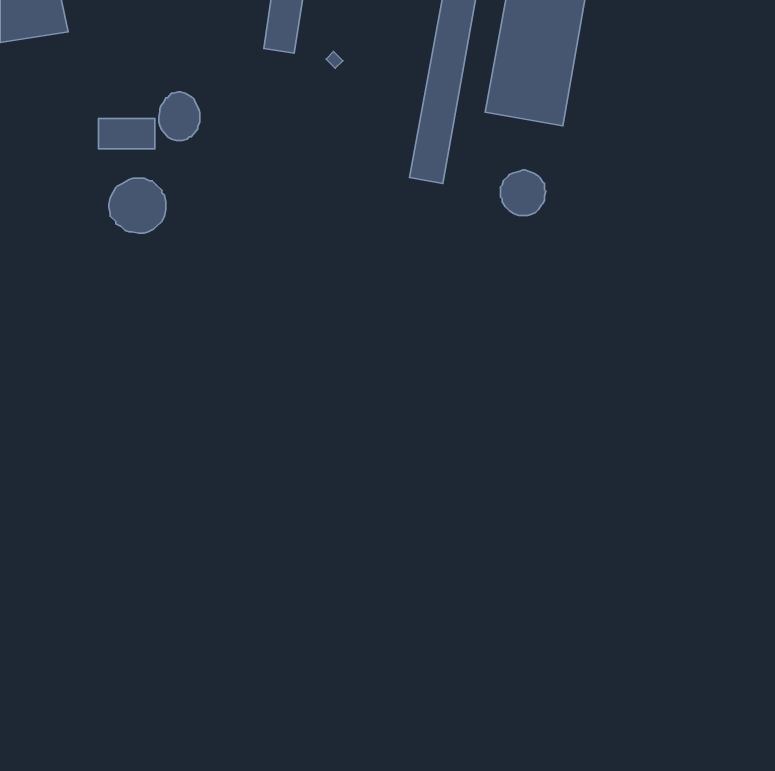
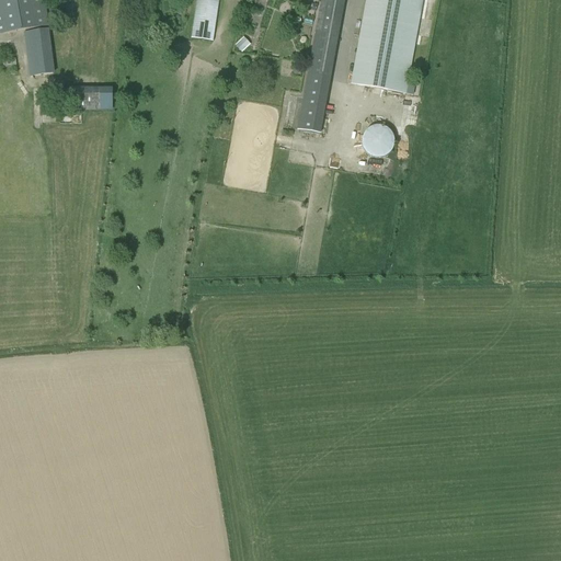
building: none -> [24,26,55,73]
building: [159,92,200,140] -> none
building: [109,178,166,233] -> none

